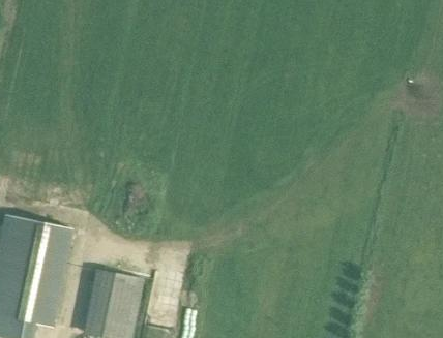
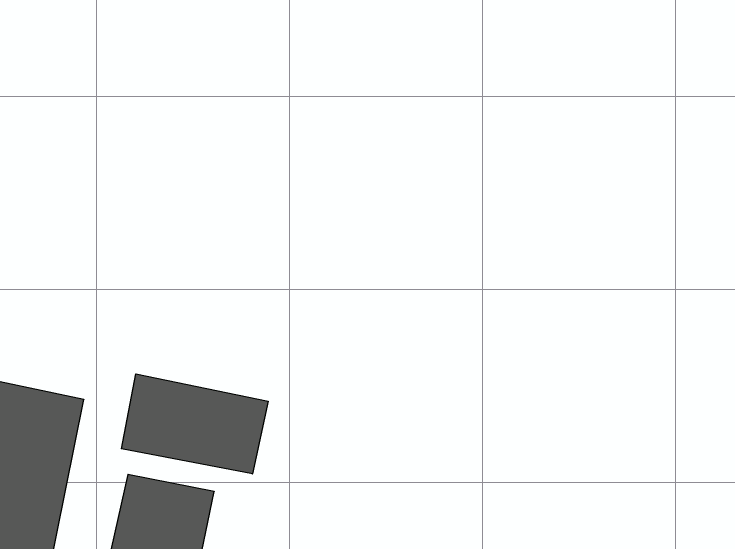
building: none -> [121,374,268,474]

